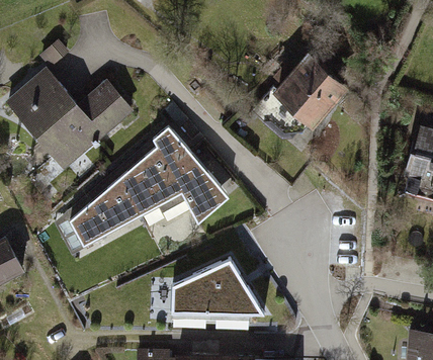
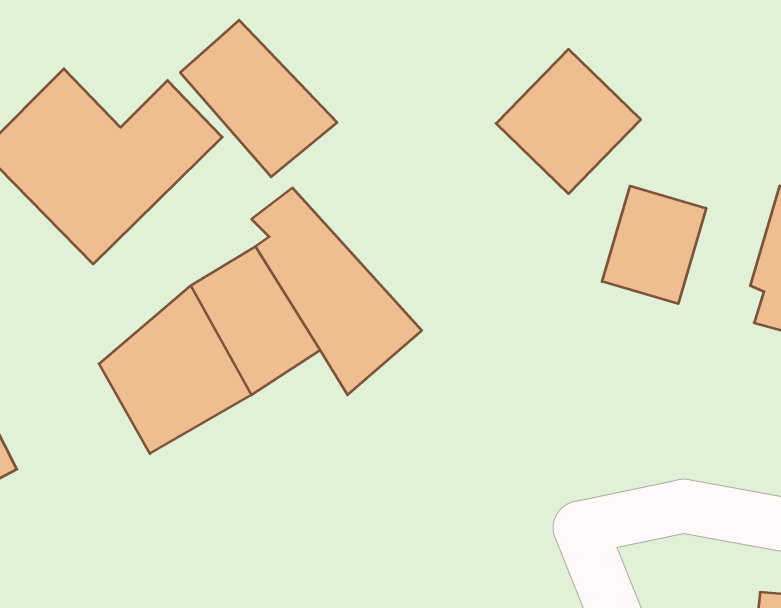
building: none -> [180,20,337,177]
building: none -> [602,186,706,304]
building: [164,258,272,327] -> none

